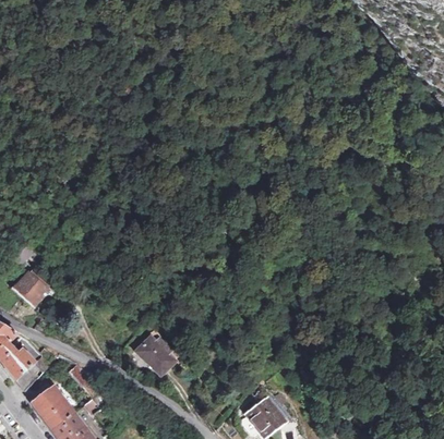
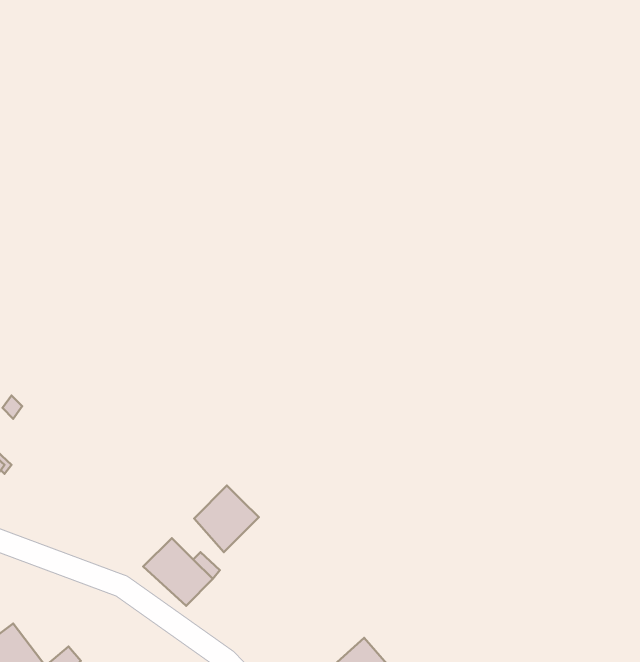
building: none -> [194,486,259,552]

